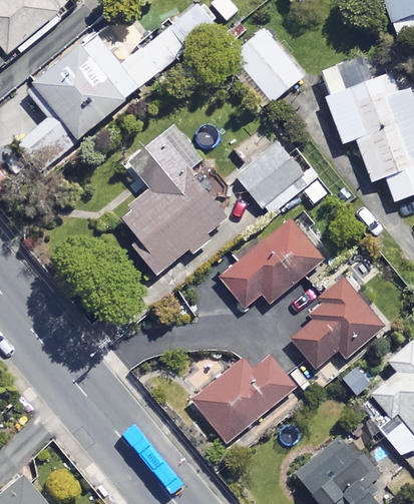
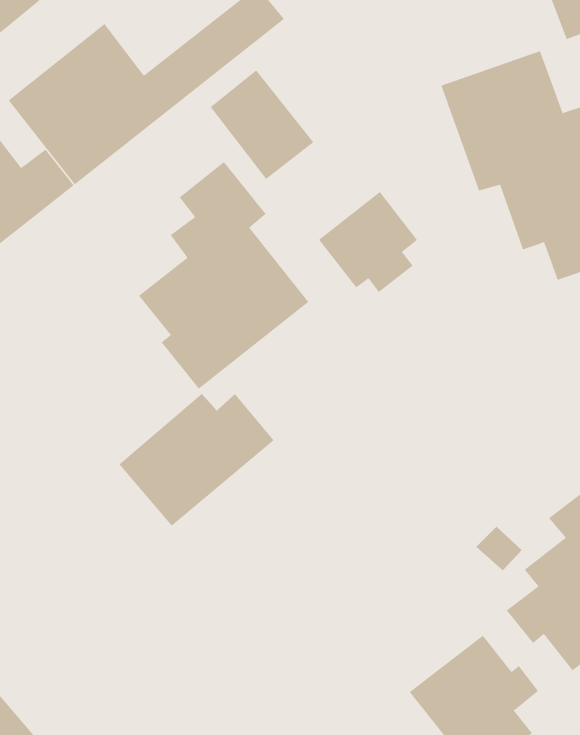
building: [234,28,303,101] -> [210,69,314,180]
building: [217,214,324,308] -> none
building: [287,279,385,368] -> none
building: [190,355,294,443] -> [119,393,274,527]

